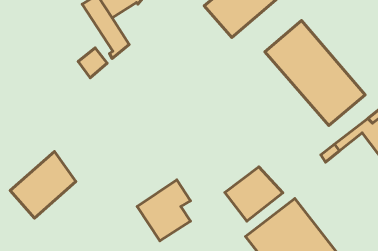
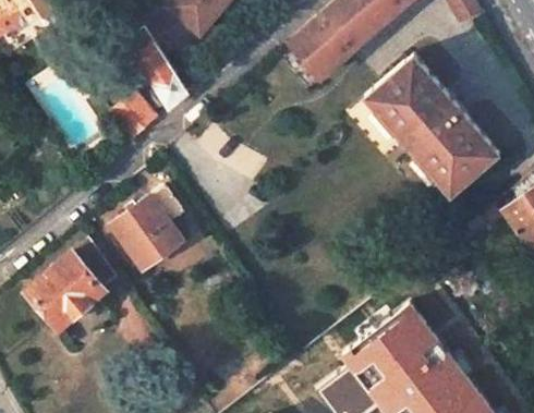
building: [225,167,283,221] -> none
building: [137,180,190,241] -> [107,186,179,268]

